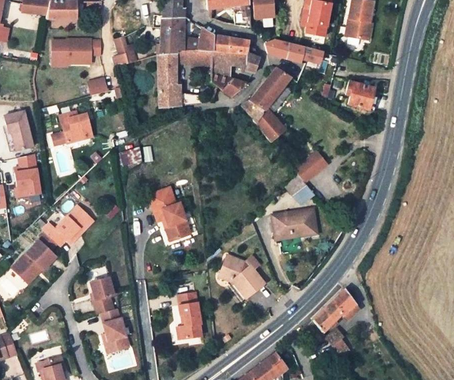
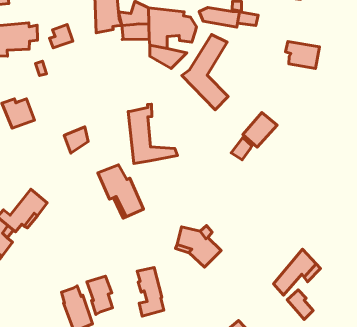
building: [157,50,202,107] -> [128,104,177,163]
building: [272,208,317,237] -> none
building: [91,274,115,311] -> [87,276,112,314]

